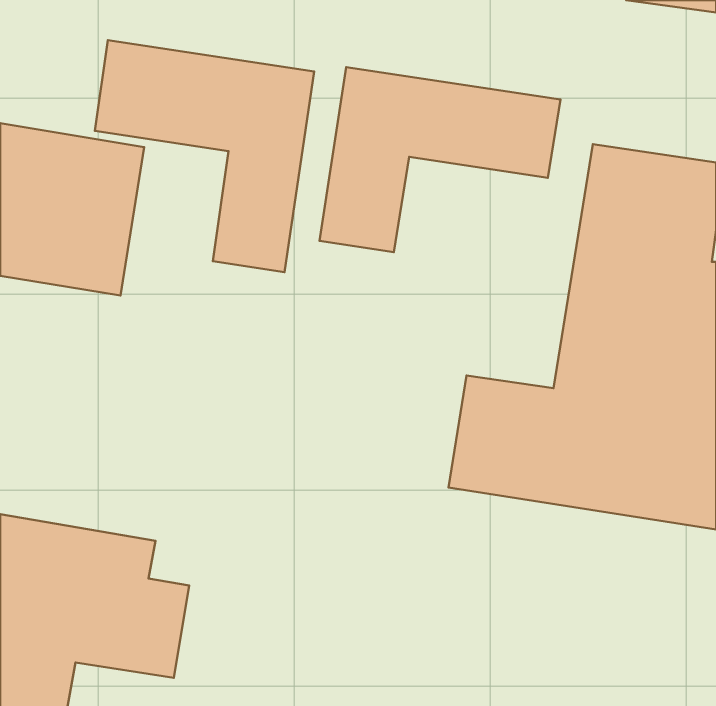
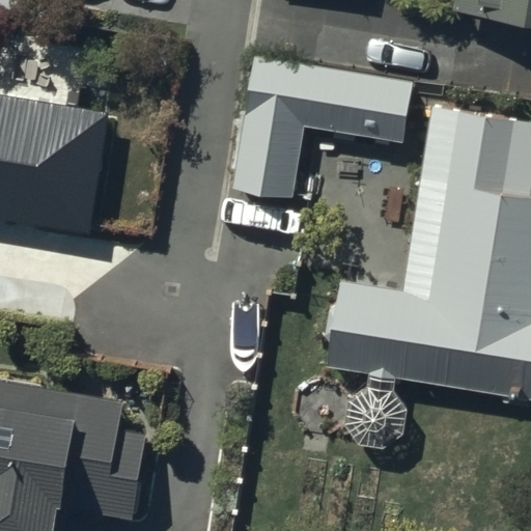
building: [95,40,314,272] -> none

